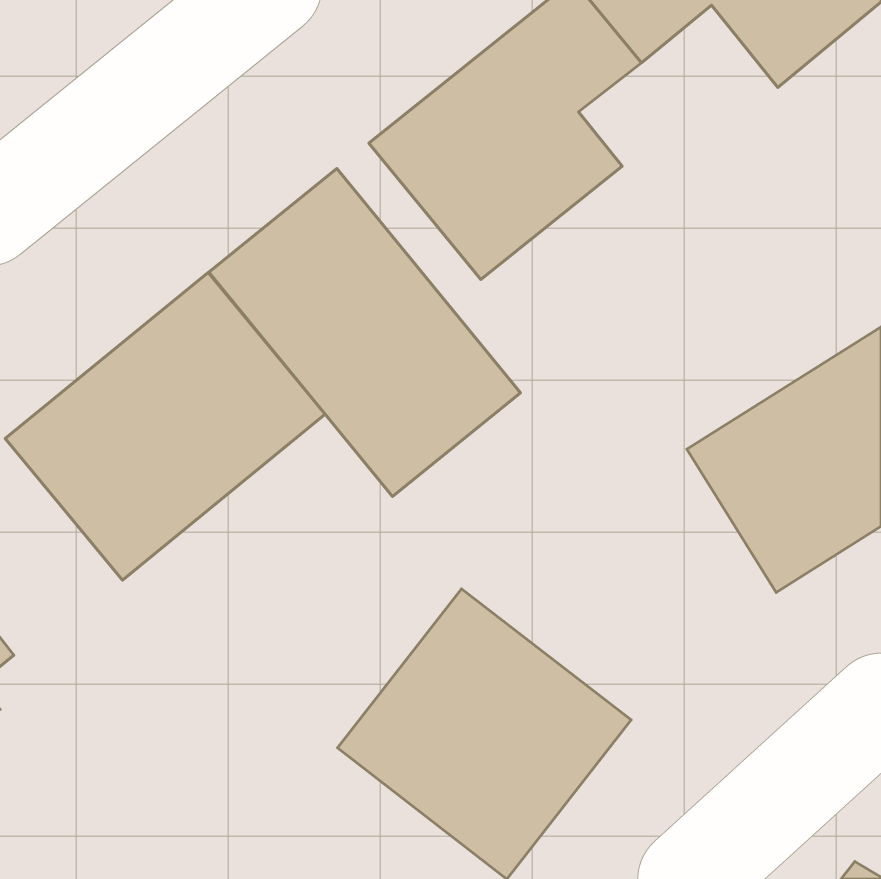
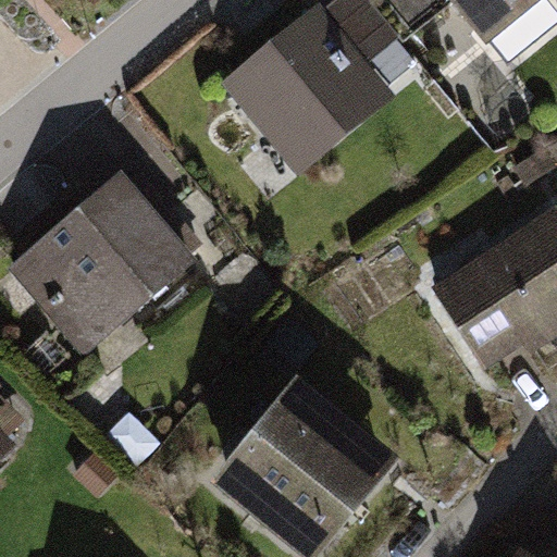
building: [209,169,521,496] -> none

